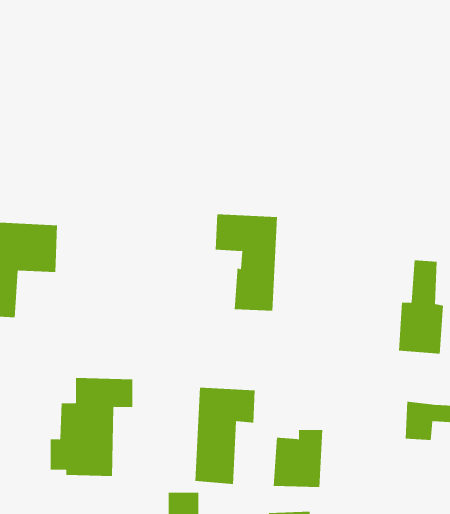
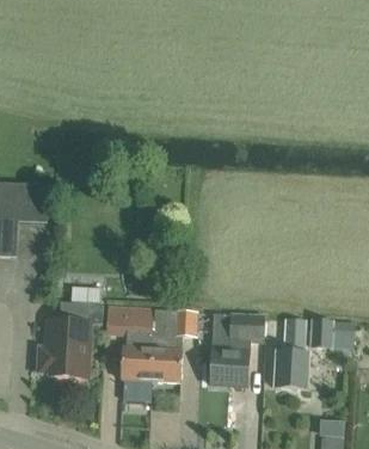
building: [215,214,278,311] -> [106,306,154,380]
building: [398,260,444,354] -> [273,318,308,389]
building: none -> [229,313,265,342]

